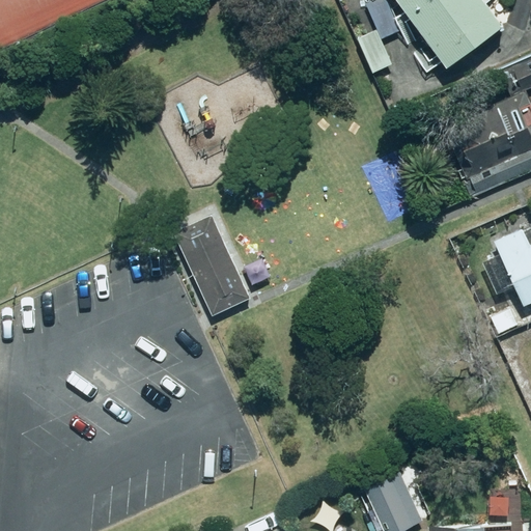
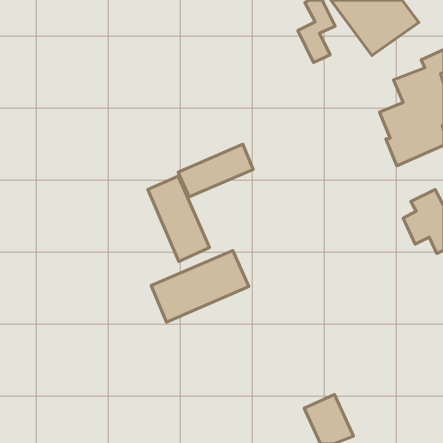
building: none -> [178,144,253,197]
building: none -> [151,251,249,322]

